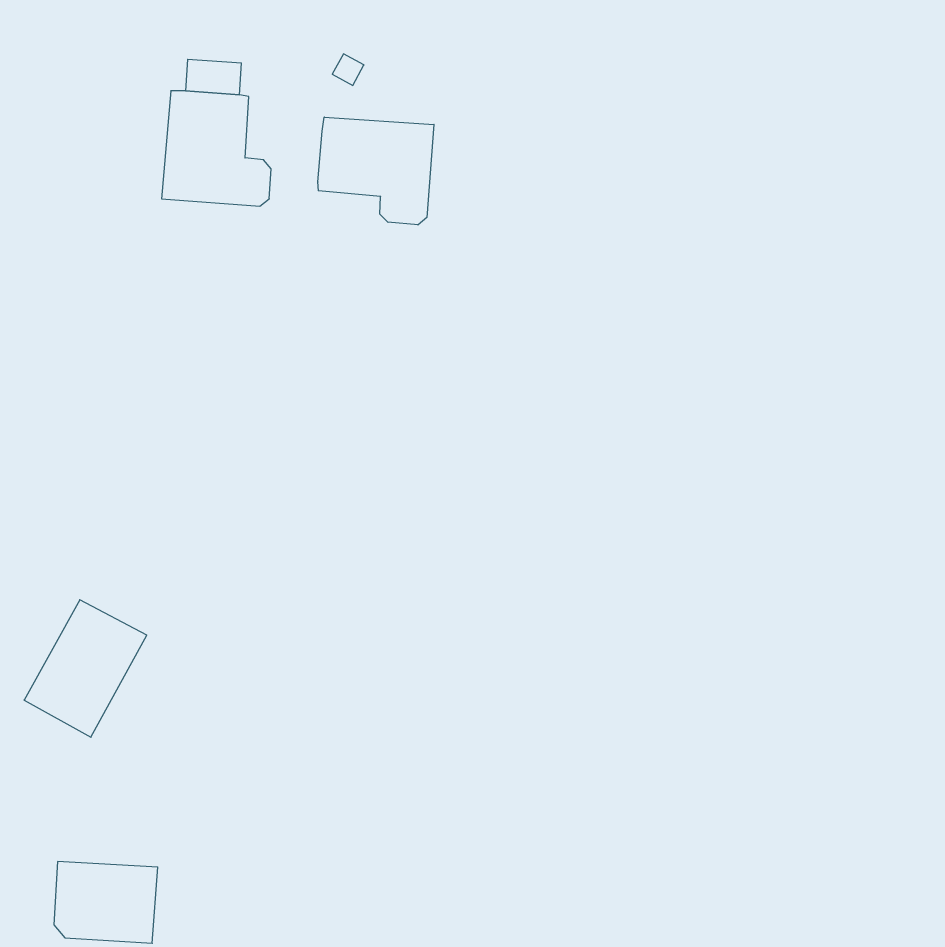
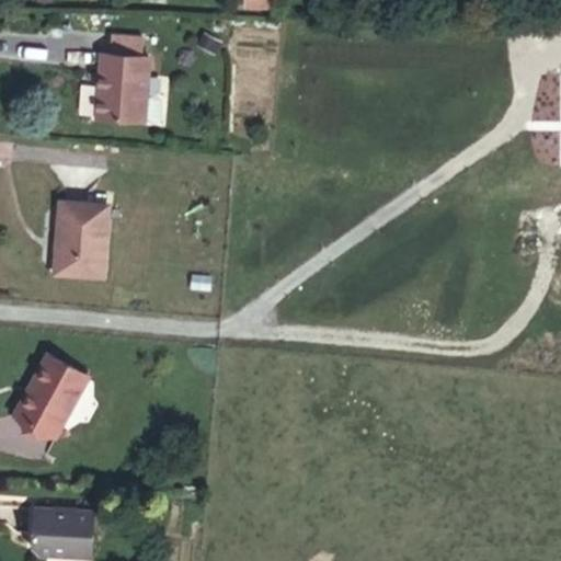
building: [318,117,434,225] -> none
building: none -> [55,203,106,277]

